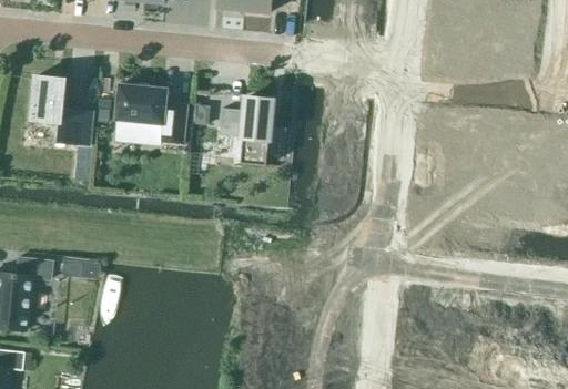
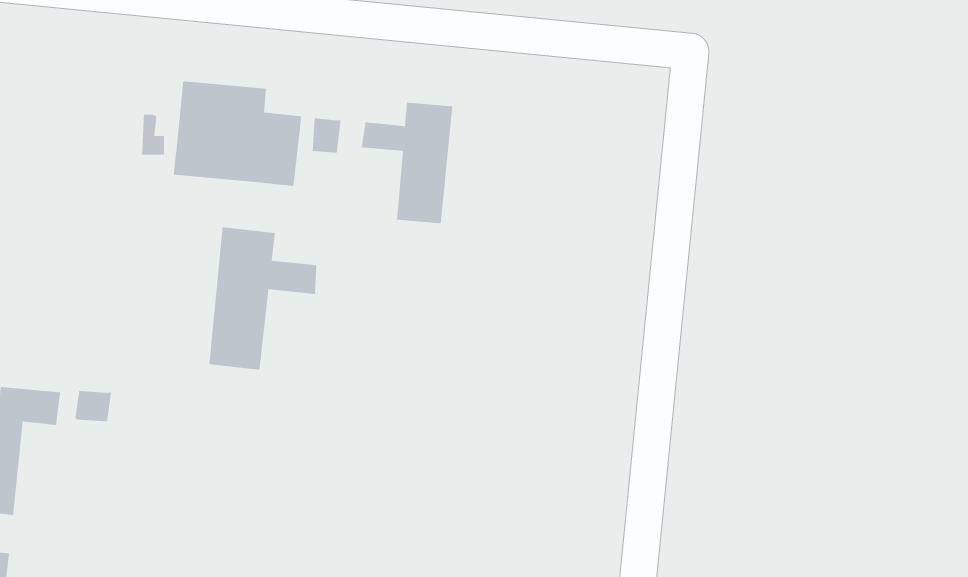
building: [31,75,92,144] -> none
building: none -> [209,226,317,371]

